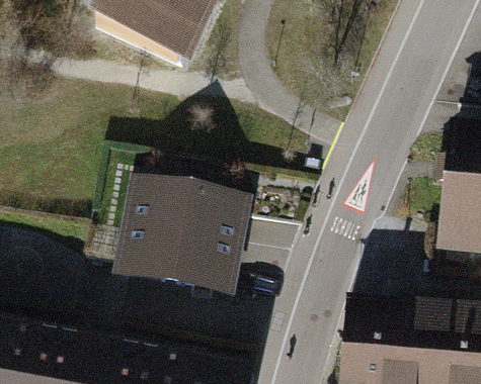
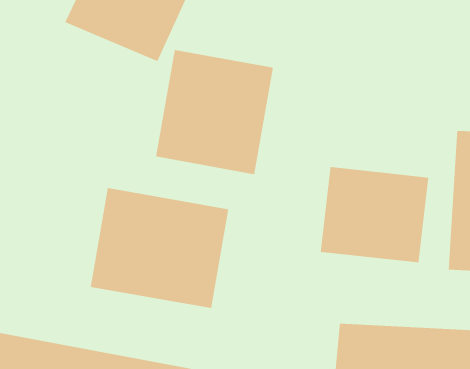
building: none -> [155,49,274,175]
building: none -> [320,166,429,263]

